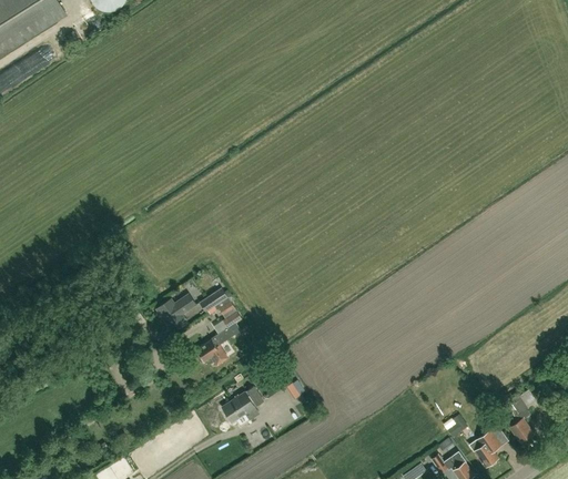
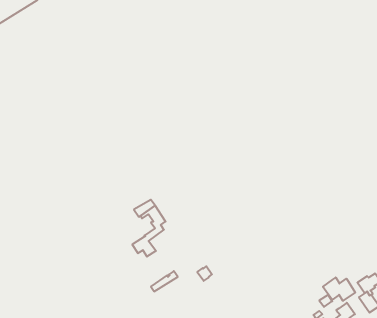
building: [155,294,195,328] -> none
building: [226,394,263,422] -> none
building: none -> [323,277,355,301]

